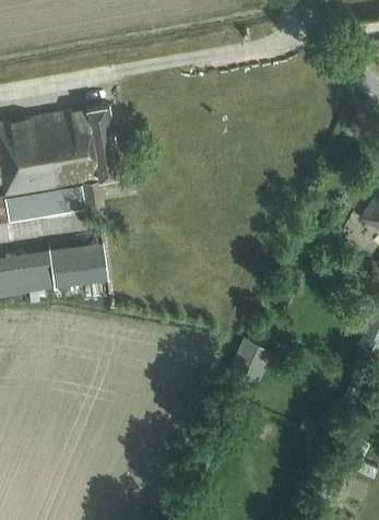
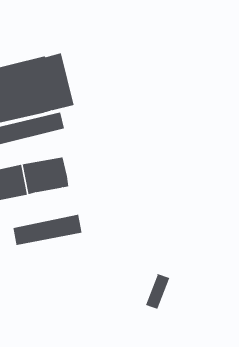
building: none -> [13,214,82,246]
building: [228,342,263,389] -> [145,273,170,309]

